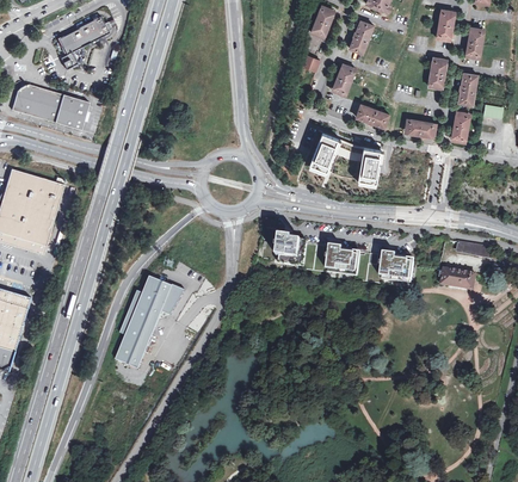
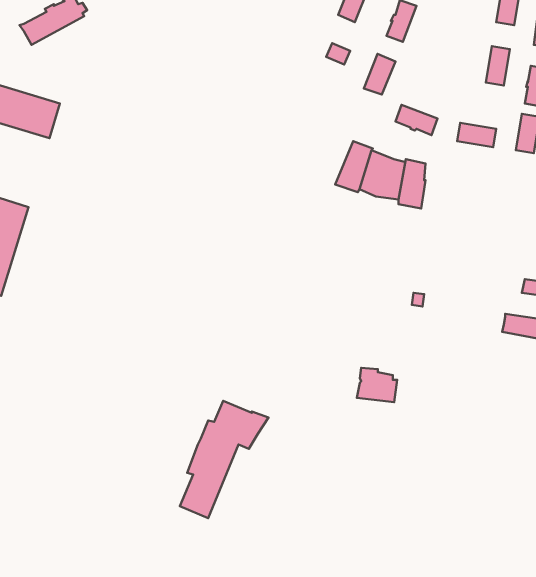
building: [276,234,304,265] -> none
building: [325,245,357,272] -> [357,368,397,402]
building: [380,251,412,279] -> none
building: [115,276,185,369] -> [180,401,268,518]

